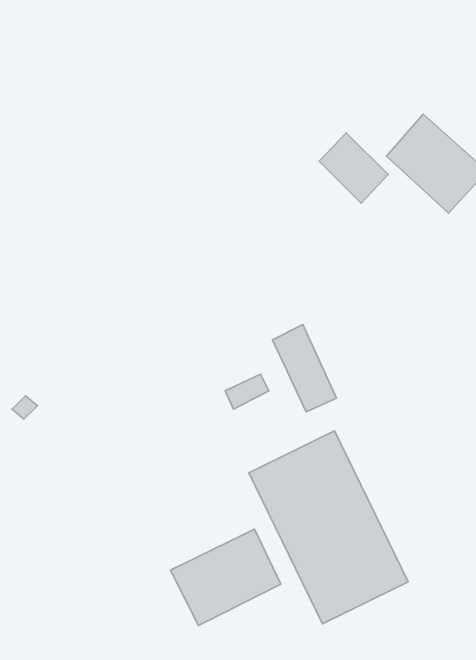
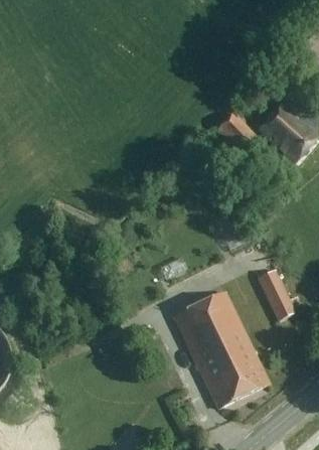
building: [273,325,336,412] -> [258,271,296,323]
building: [170,529,281,626] -> none

